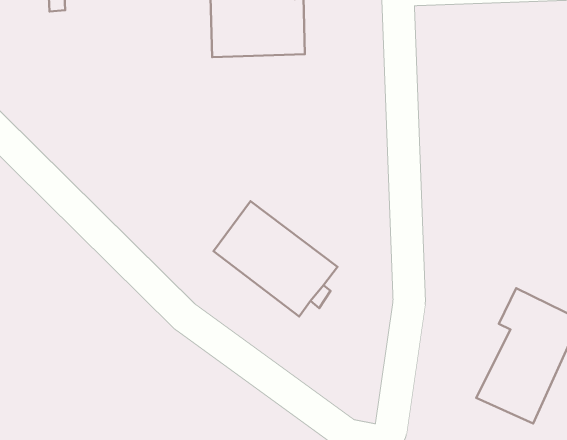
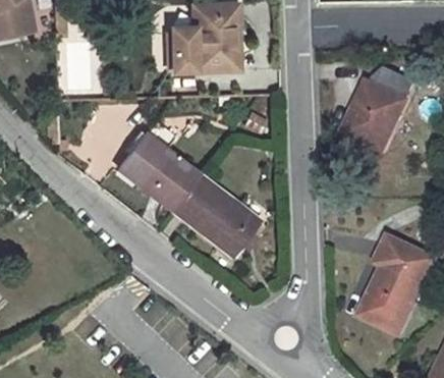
building: none -> [342,64,414,151]
building: none -> [118,132,199,209]

